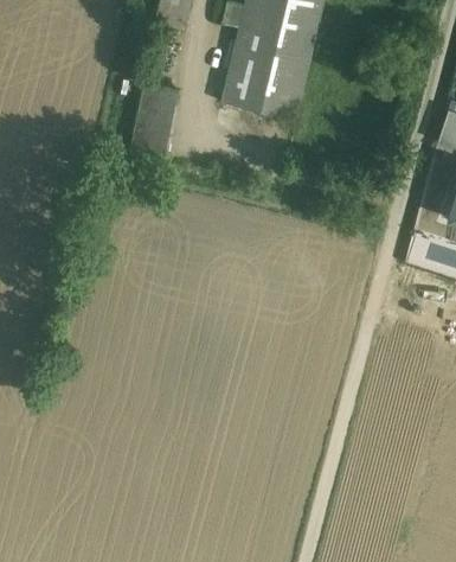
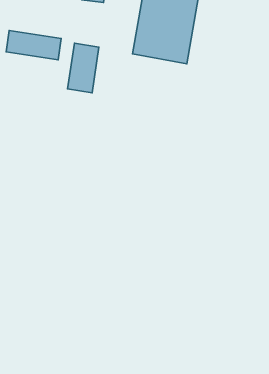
building: none -> [6,31,61,60]

